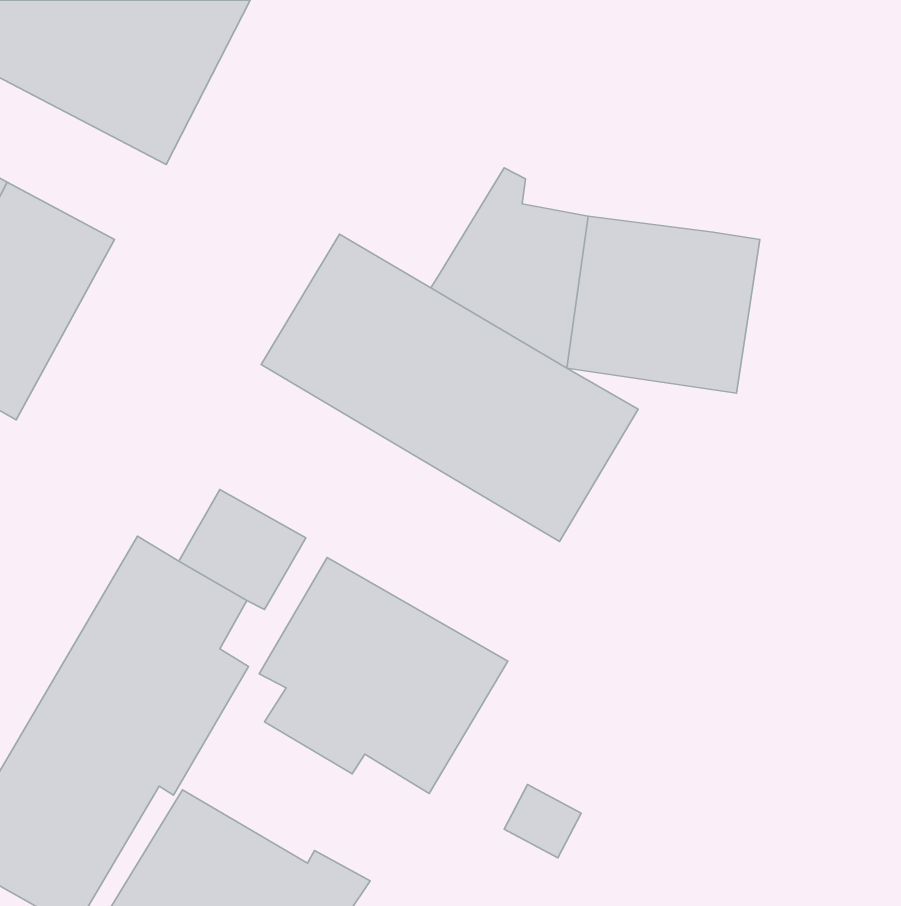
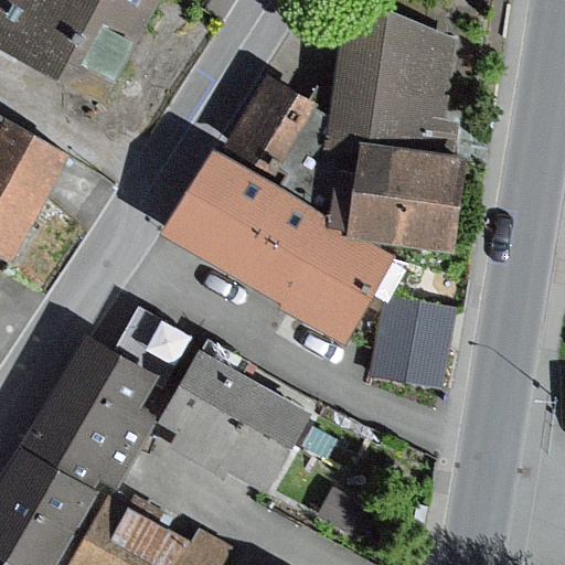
building: none -> [322,10,456,148]
building: none -> [221,72,315,173]
building: none -> [367,298,452,394]

